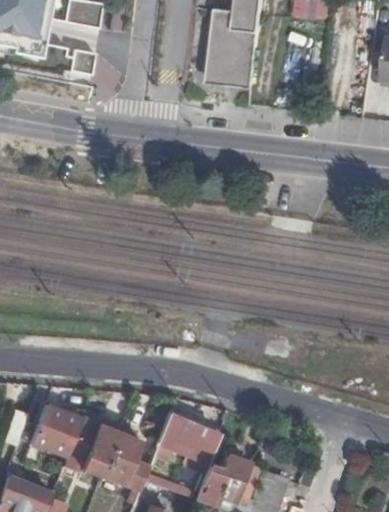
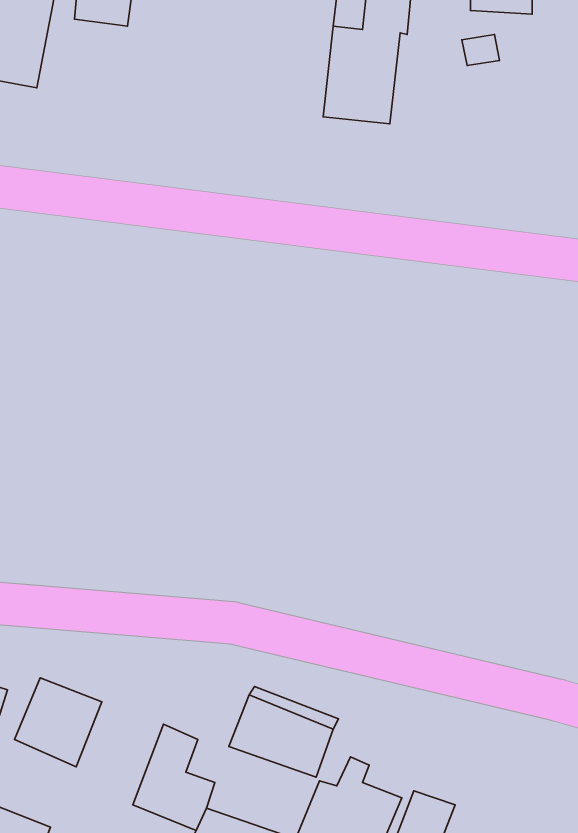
building: [62,415,116,478] -> none

